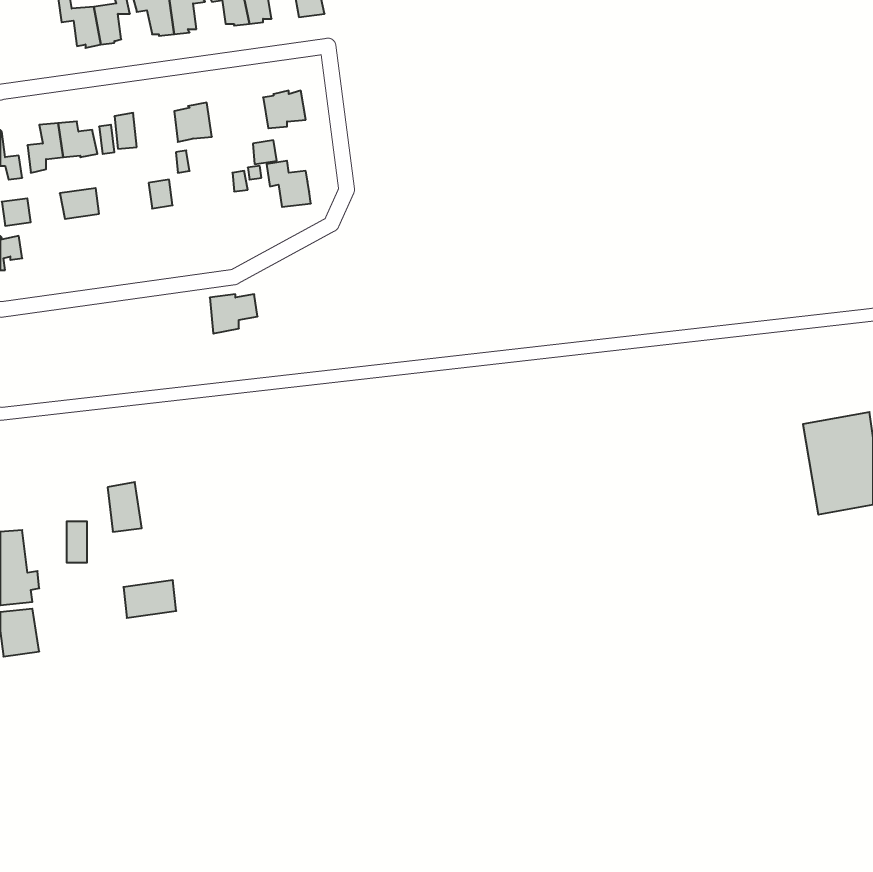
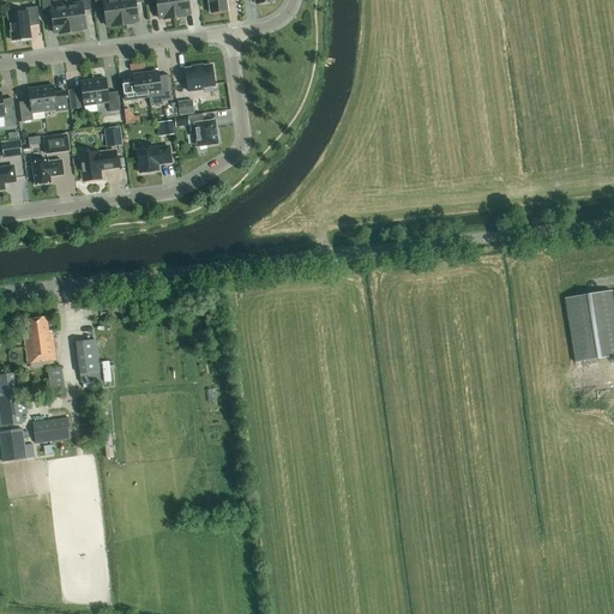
building: none -> [8,6,40,40]
building: none -> [145,71,171,106]
building: none -> [94,78,120,112]
building: none -> [79,150,116,180]
building: none -> [32,159,64,185]
building: [210,294,258,334] -> [137,145,170,173]
building: none -> [24,317,55,362]
building: [123,580,176,618] -> [32,416,70,443]

